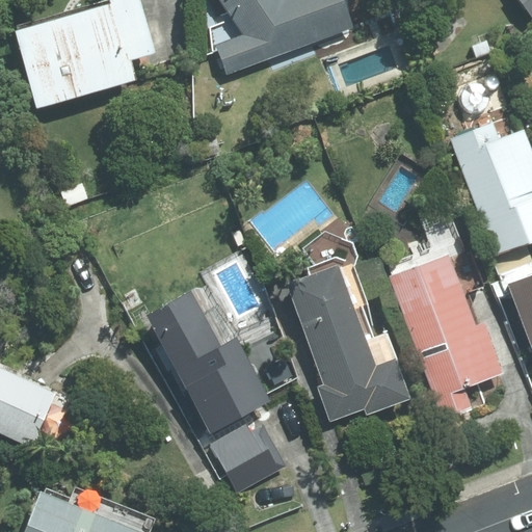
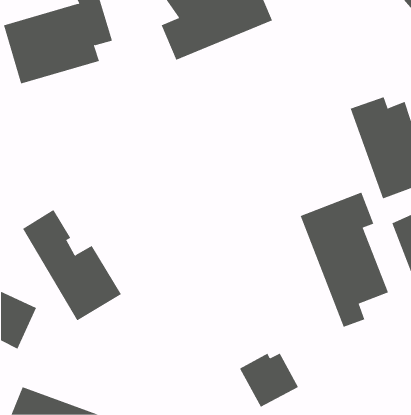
building: [286,263,407,419] -> none
building: [141,289,268,431] -> [22,209,122,321]
building: [213,423,289,493] -> [239,353,299,408]

